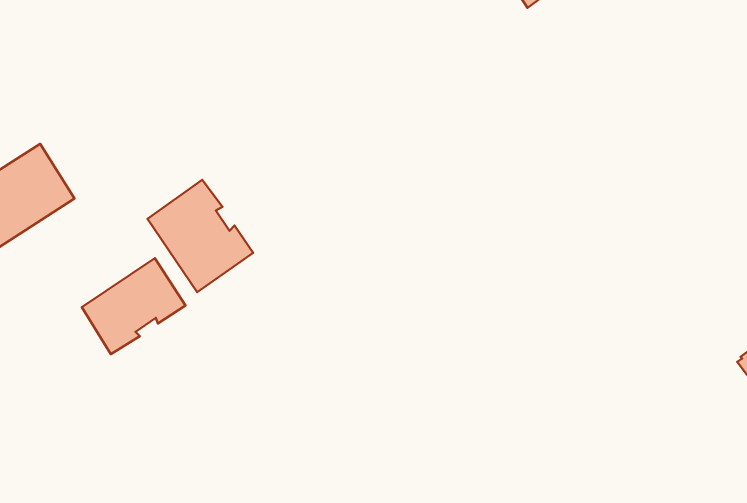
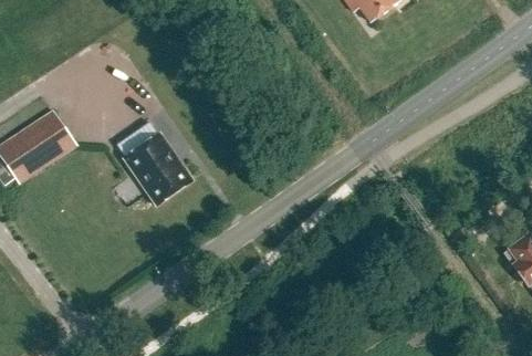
building: [82,258,185,354] -> none

